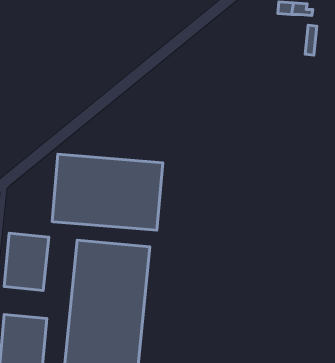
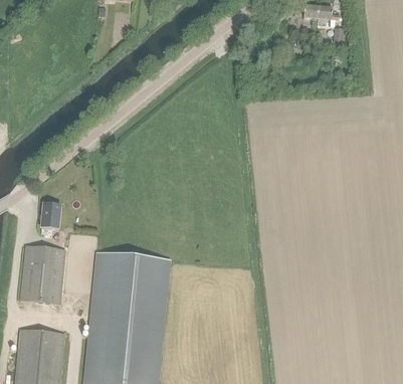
building: [52,154,163,230] -> none
building: none -> [41,203,61,228]

